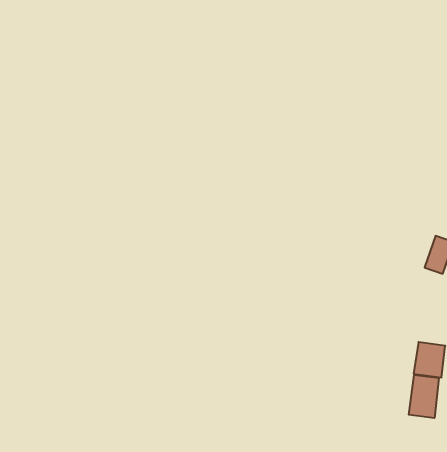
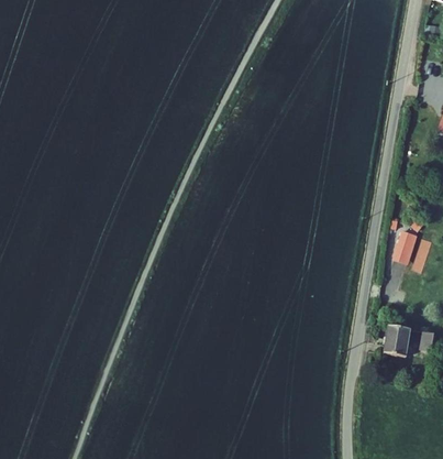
building: [409,375,439,418] -> none

